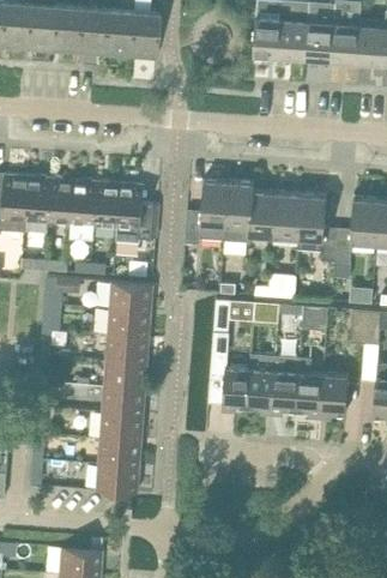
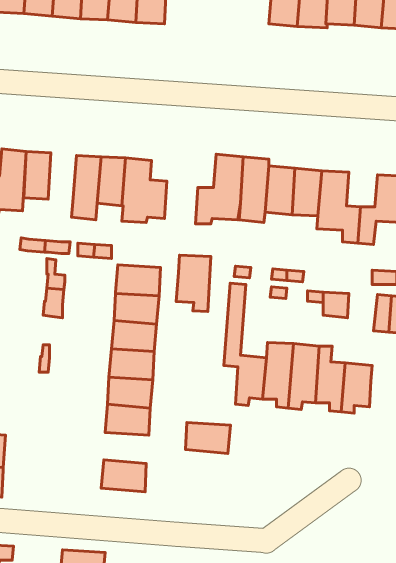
building: [48,180,74,225] -> none
building: none -> [176,255,211,312]
building: [99,440,141,469] -> [185,422,231,453]

